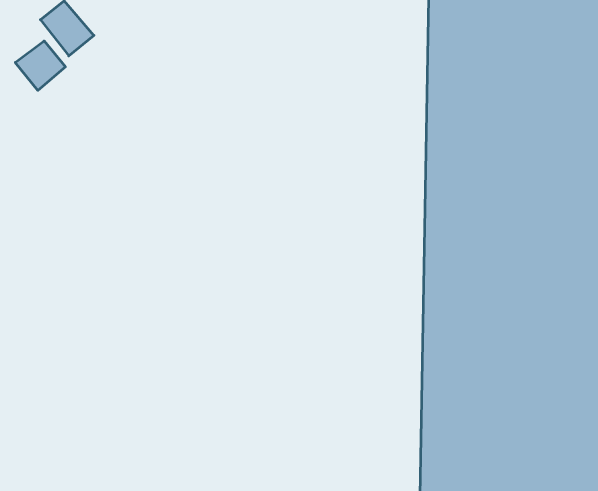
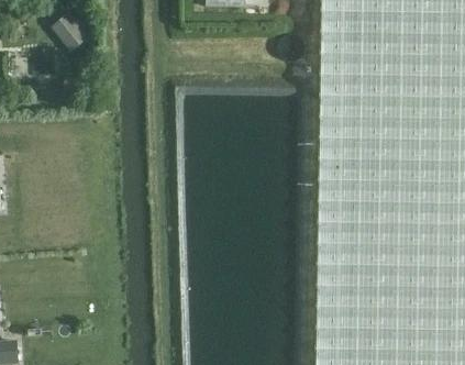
building: [15,41,65,90] -> none

